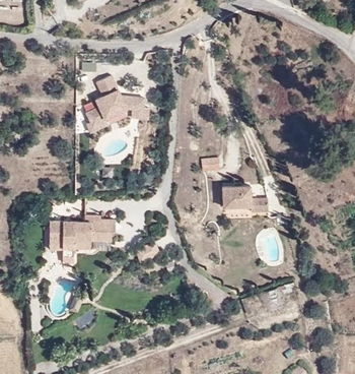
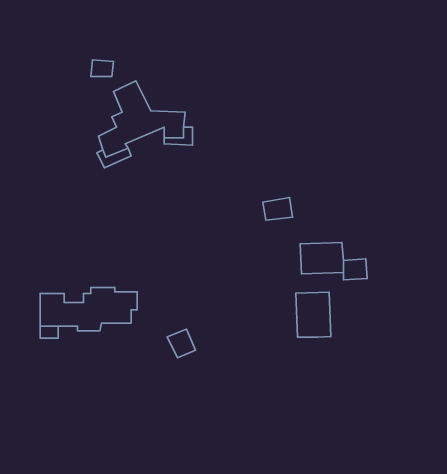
building: none -> [296,292,331,337]

